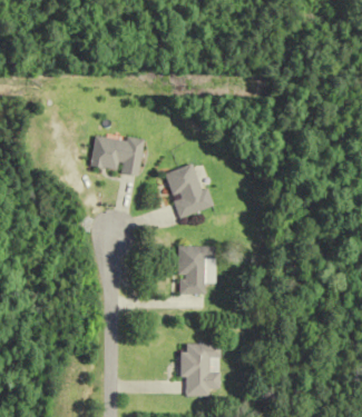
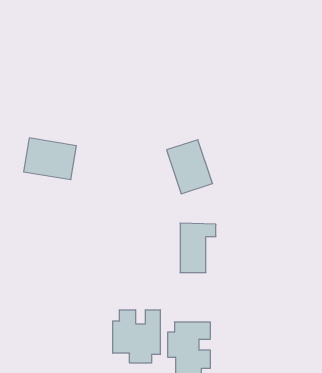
building: [97,133,149,175] -> [24,138,76,180]
building: none -> [113,310,160,363]

